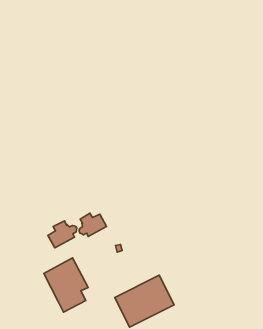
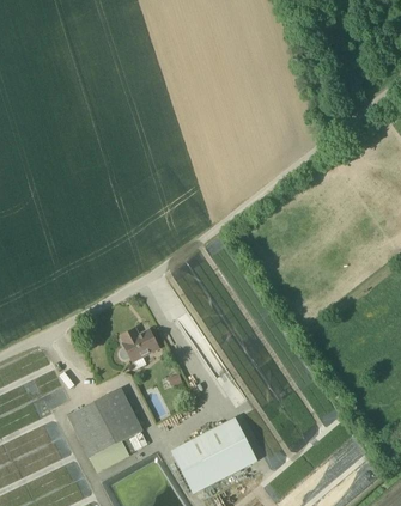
building: [48,221,77,248] -> none

